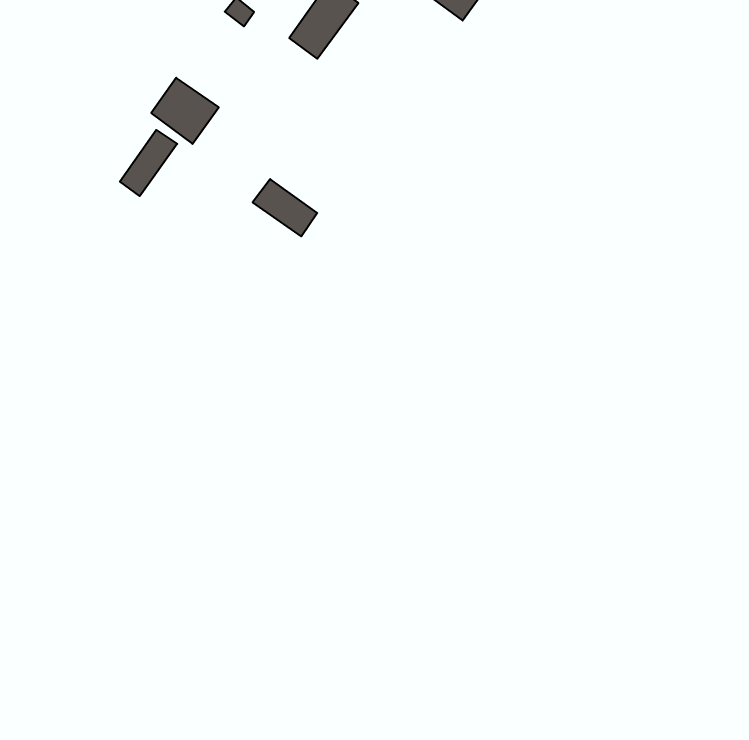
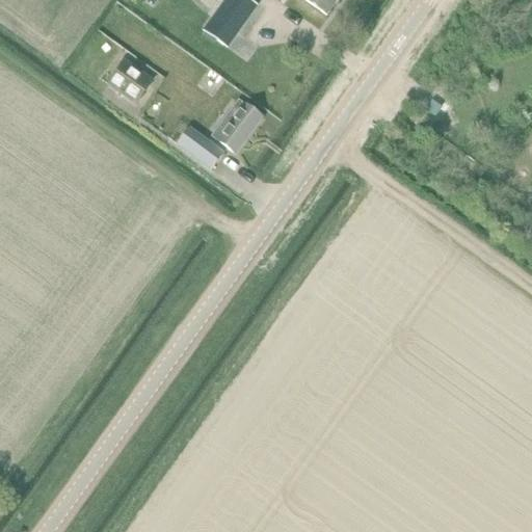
building: [120,130,177,196] -> none
building: none -> [220,98,264,151]

